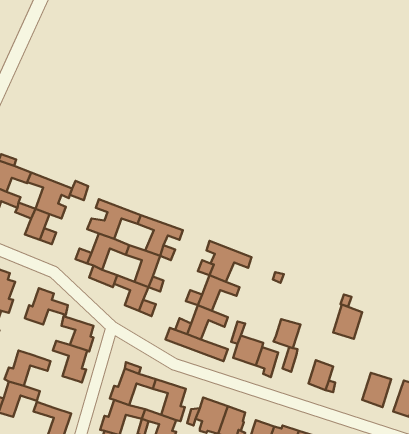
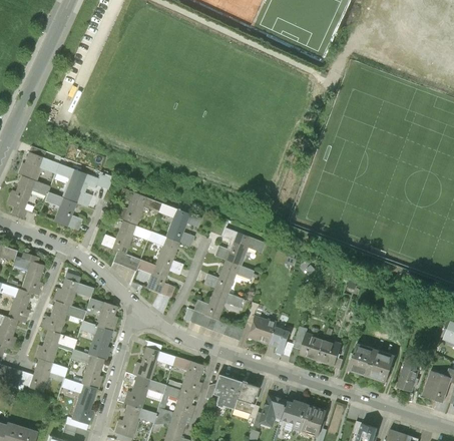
building: [333,305,362,339] -> [349,344,376,376]
building: [274,319,300,348] -> [300,334,325,361]
building: none -> [42,301,85,334]
building: none -> [70,350,104,389]

